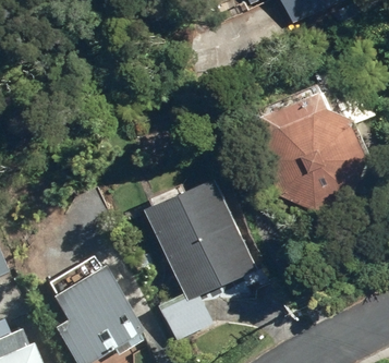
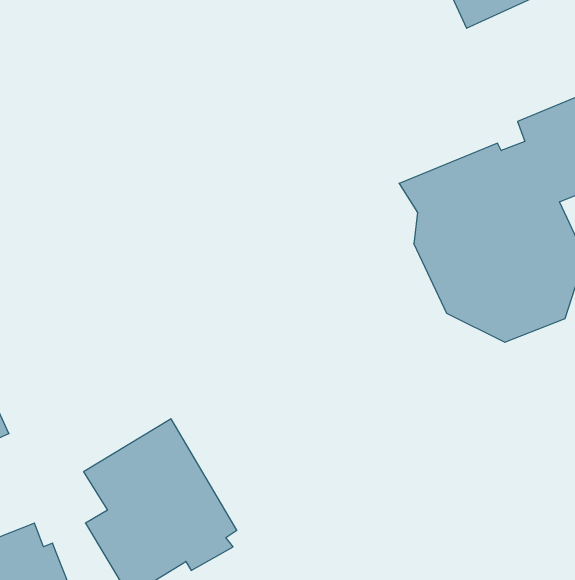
building: [155,178,262,341] -> none

